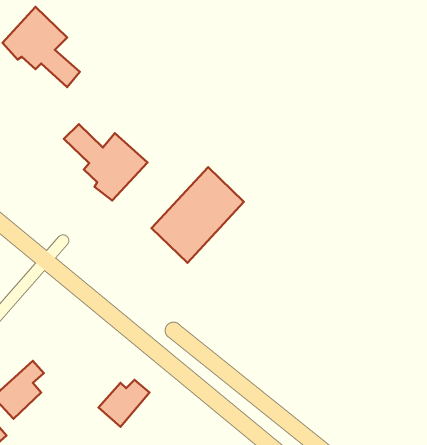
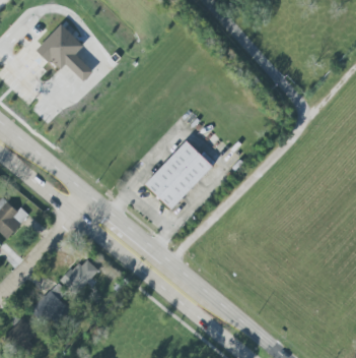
building: [64,124,148,200] -> none
building: [99,380,150,427] -> [60,259,97,294]

